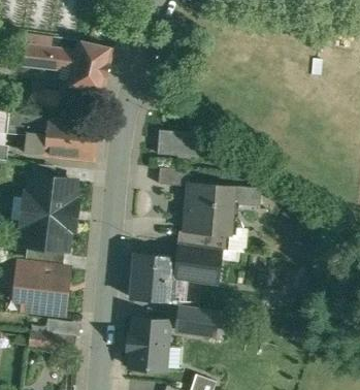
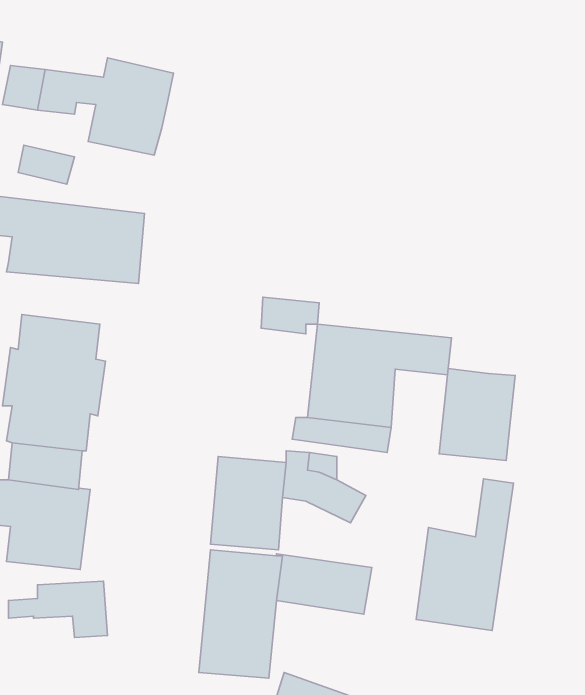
building: [158,130,201,157] -> none
building: none -> [439,368,515,461]
building: none -> [416,479,513,631]

